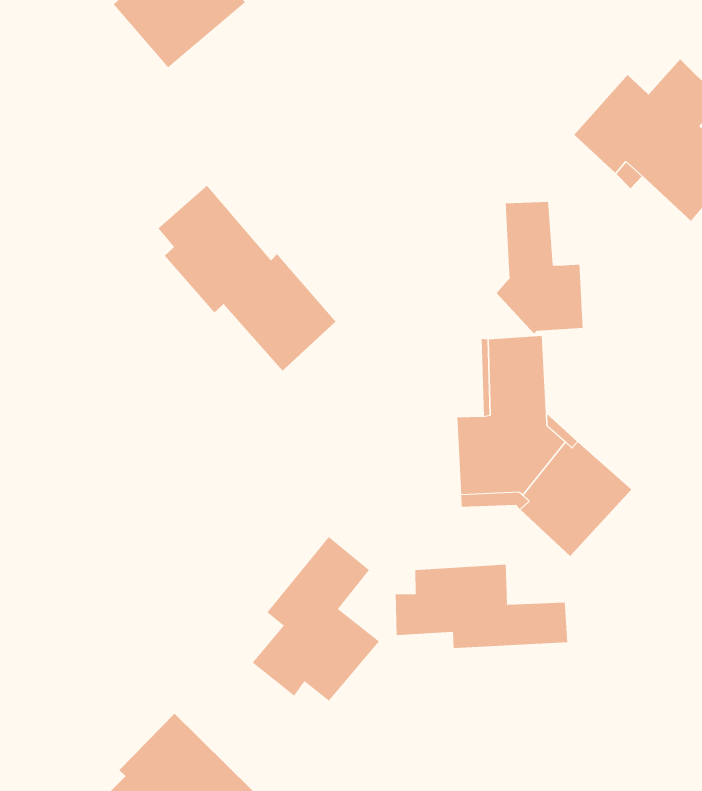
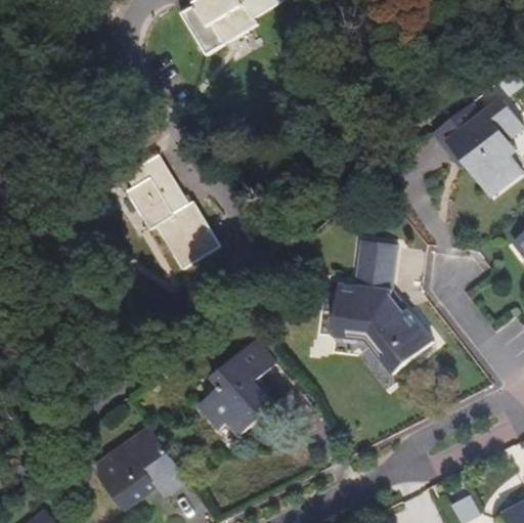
building: [158,185,337,371] -> [126,155,220,269]
building: [496,201,583,334] -> none
building: [395,564,568,649] -> none

